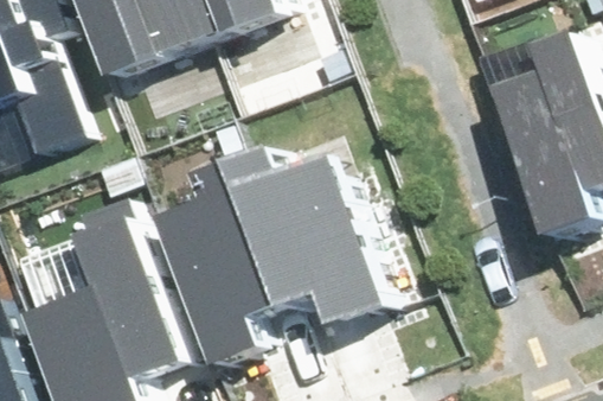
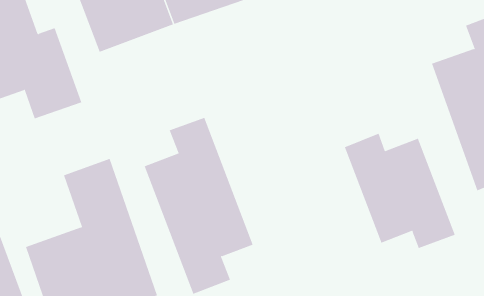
building: [245,136,397,319] -> none
building: none -> [344,133,456,249]

